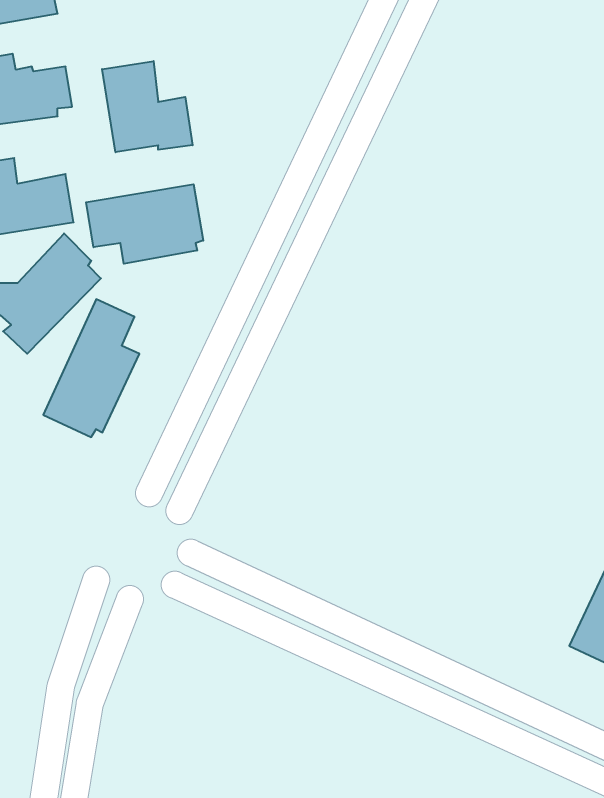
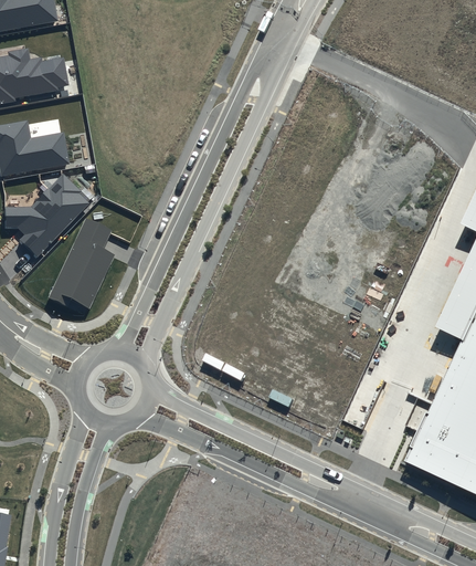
building: [102,61,193,152] -> none
building: [86,184,203,264] -> none

